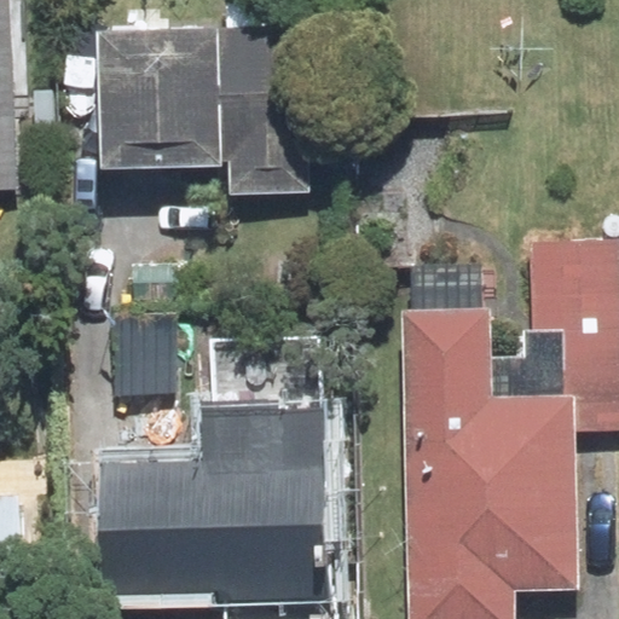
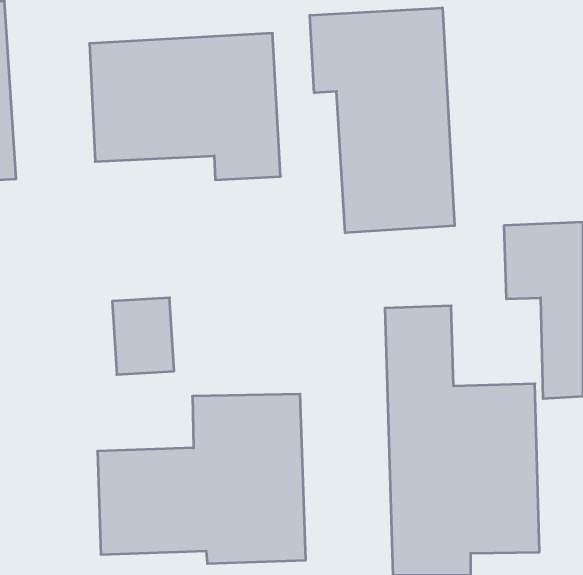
building: none -> [310,8,455,233]

